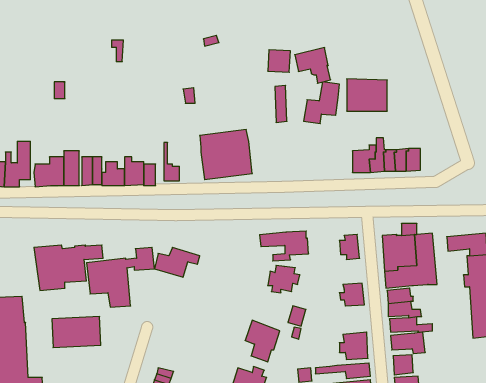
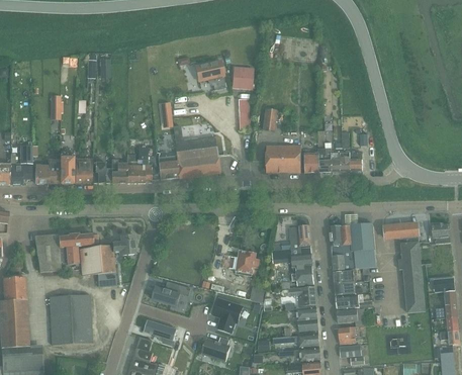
building: [295,48,331,83] -> [195,60,225,90]
building: [347,79,387,111] -> [266,145,300,172]
building: none -> [158,155,179,180]
building: [260,231,309,261] -> [271,247,312,272]
building: [154,247,200,277] -> [153,281,191,306]
building: none -> [282,286,315,305]
building: none -> [51,318,92,345]
building: none -> [148,319,179,342]

